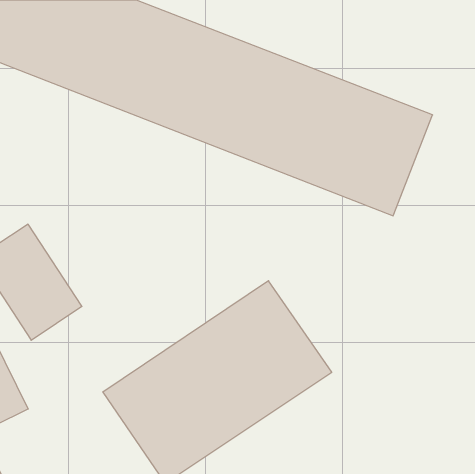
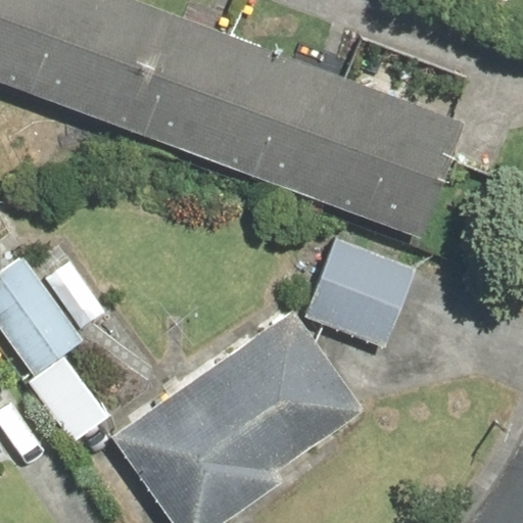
building: none -> [304,231,427,350]

